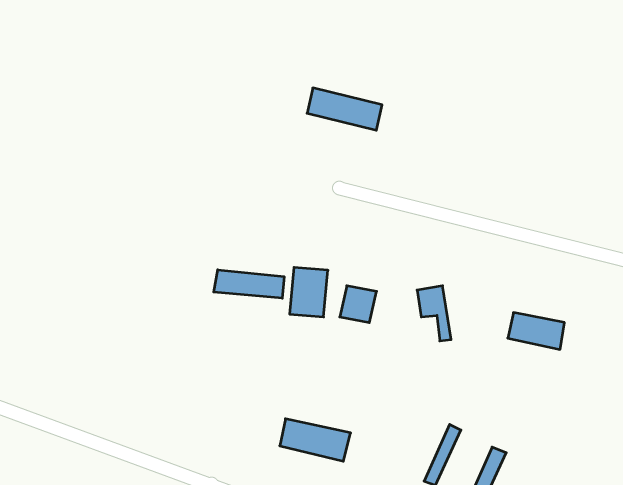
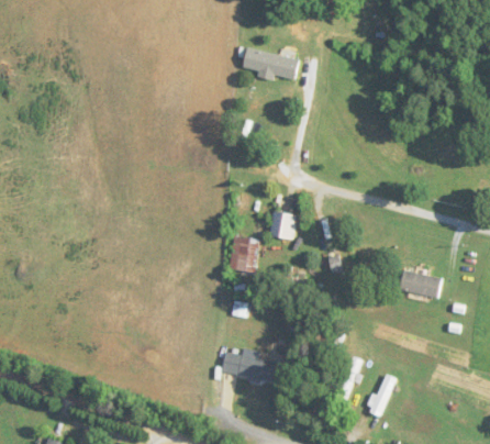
building: [307,88,382,130] -> [242,46,300,79]
building: [214,270,284,298] -> none
building: [340,286,377,323] -> [268,211,297,240]

